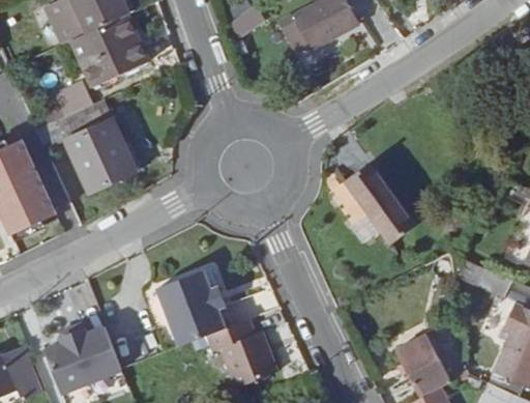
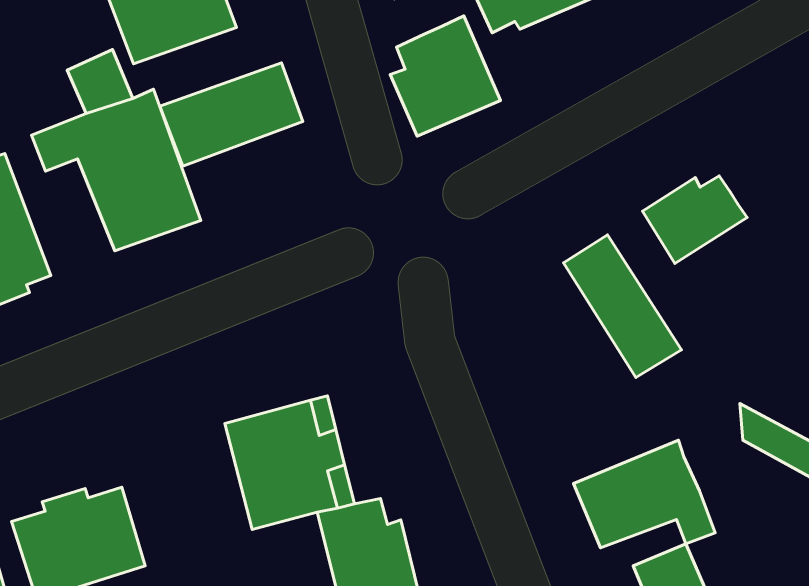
building: none -> [390,16,501,136]
building: none -> [160,63,303,166]
building: none -> [642,176,747,264]
building: none -> [574,440,715,548]

